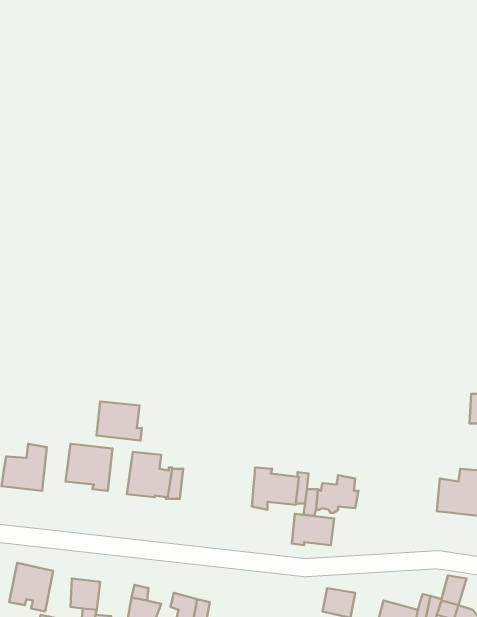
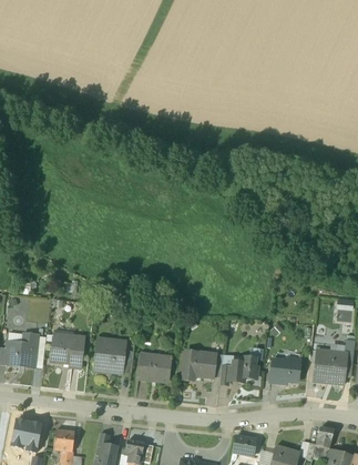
building: [96,402,142,440] -> none
building: none -> [136,354,171,381]
building: [292,514,334,545] -> [269,360,299,382]

